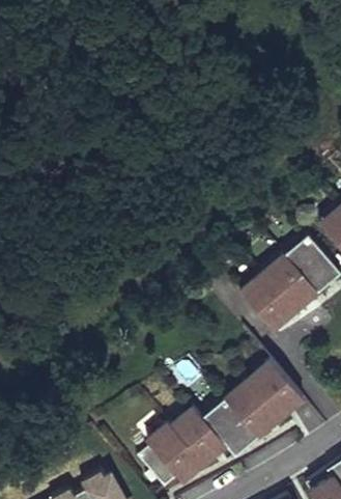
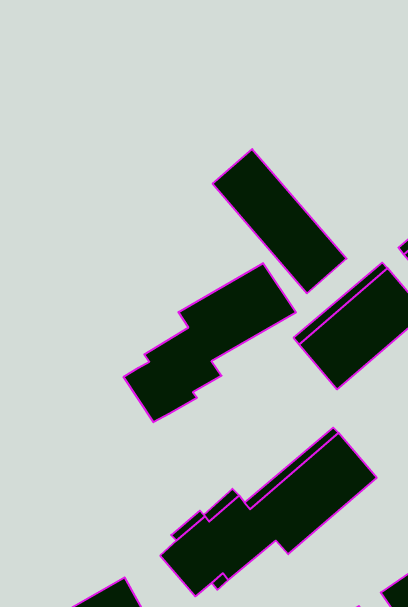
building: none -> [213,149,347,293]
building: none -> [124,263,296,422]

